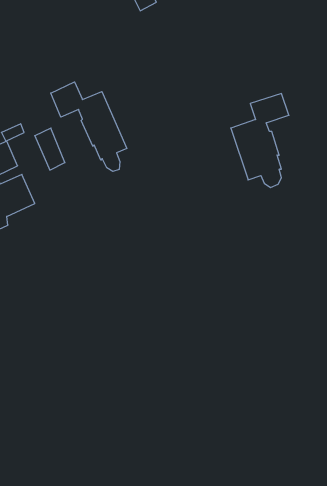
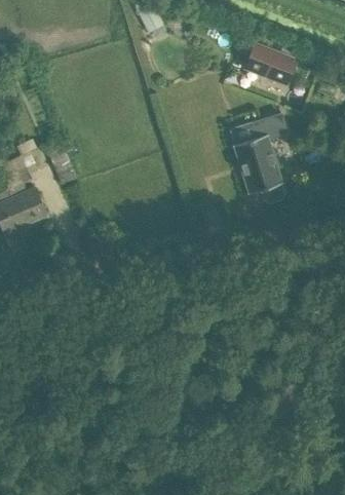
building: none -> [245,43,296,84]
building: [51,82,127,171] -> none

